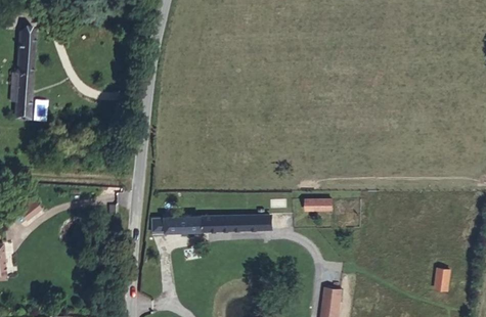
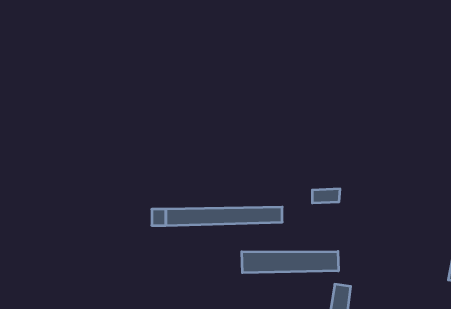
building: [14,27,36,116] -> none
building: none -> [242,251,338,273]

